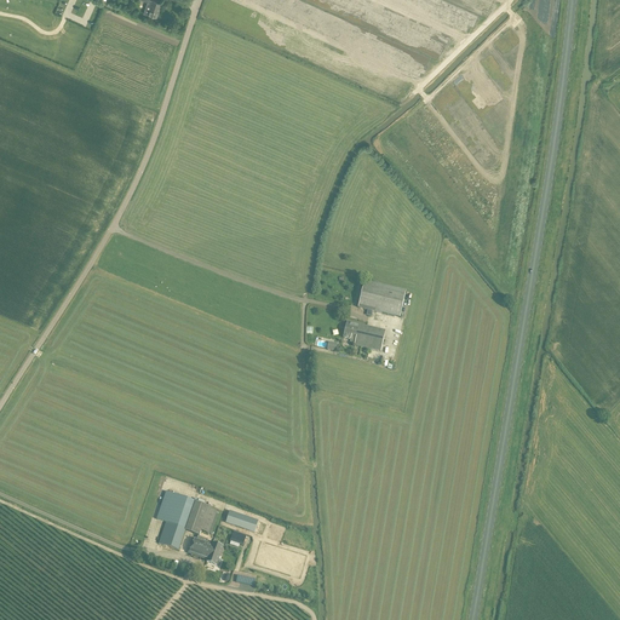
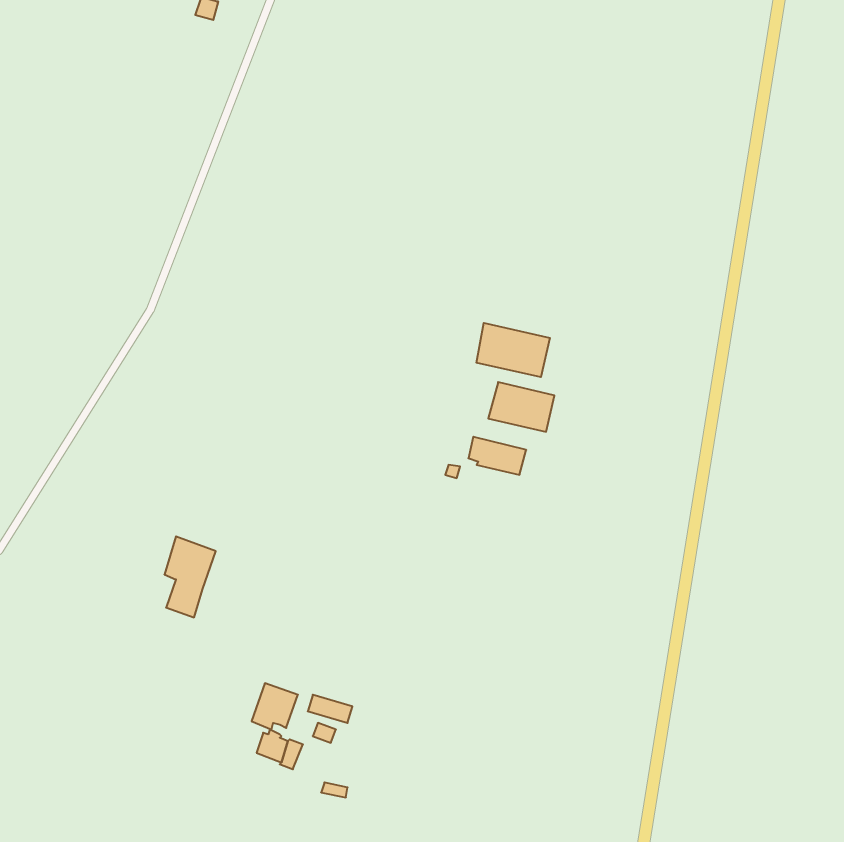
building: none -> [476,323,550,377]
building: [156,489,194,549] -> [164,536,216,617]

